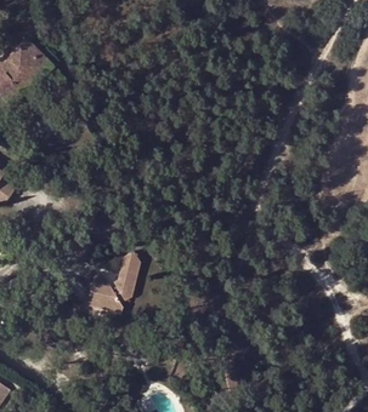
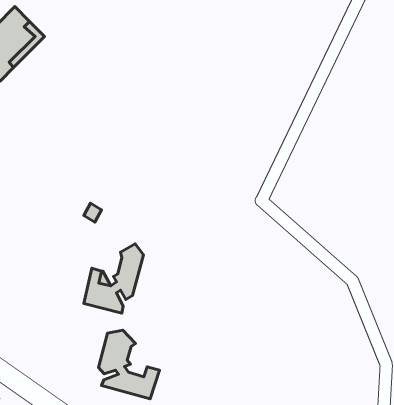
building: none -> [99,330,160,399]

